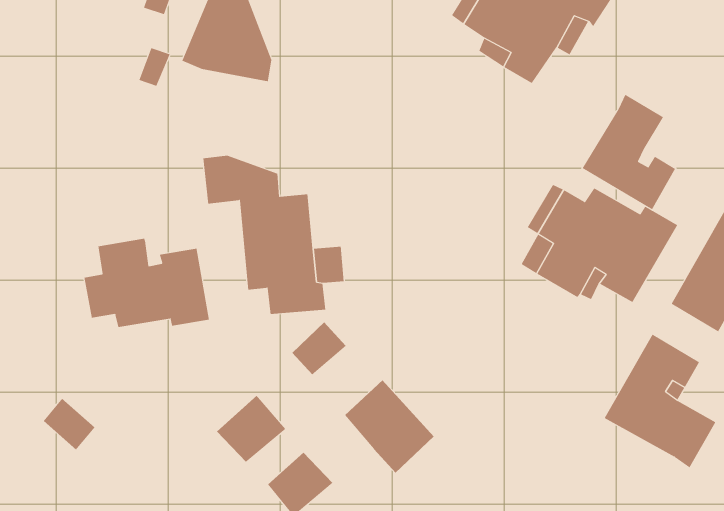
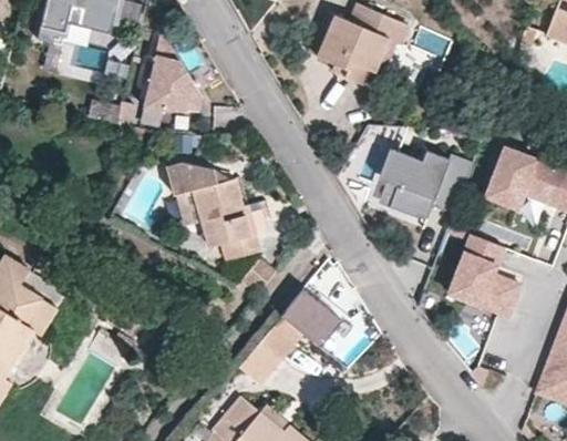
building: [582,94,676,210] -> none
building: [84,238,210,328] -> none
building: [216,395,286,462] -> [260,317,305,361]

